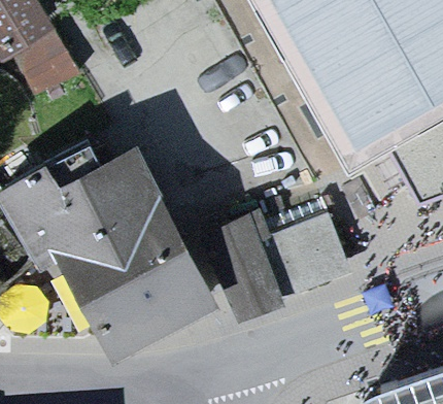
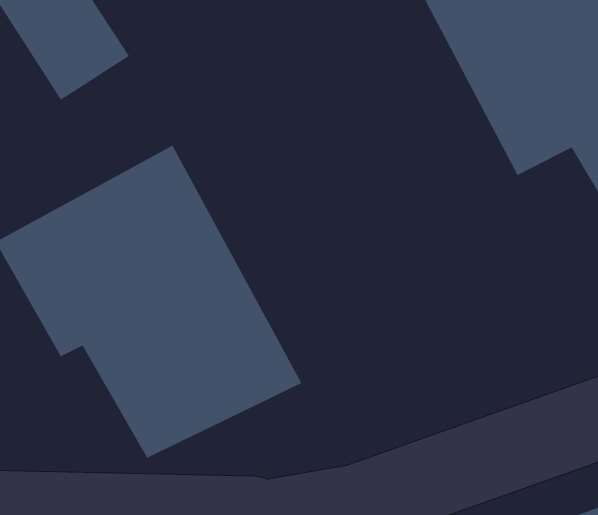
building: [206,194,350,308] -> none

